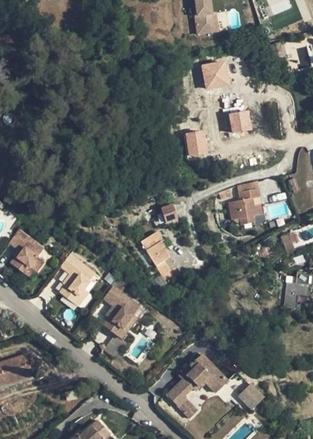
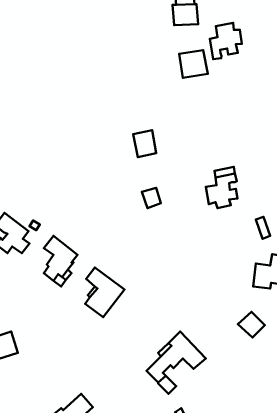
building: none -> [210,23,242,59]
building: [229,109,252,131] -> none
building: [184,128,208,156] -> [133,130,156,157]
building: [141,231,181,282] -> none
building: [237,382,265,409] -> [238,312,265,338]

